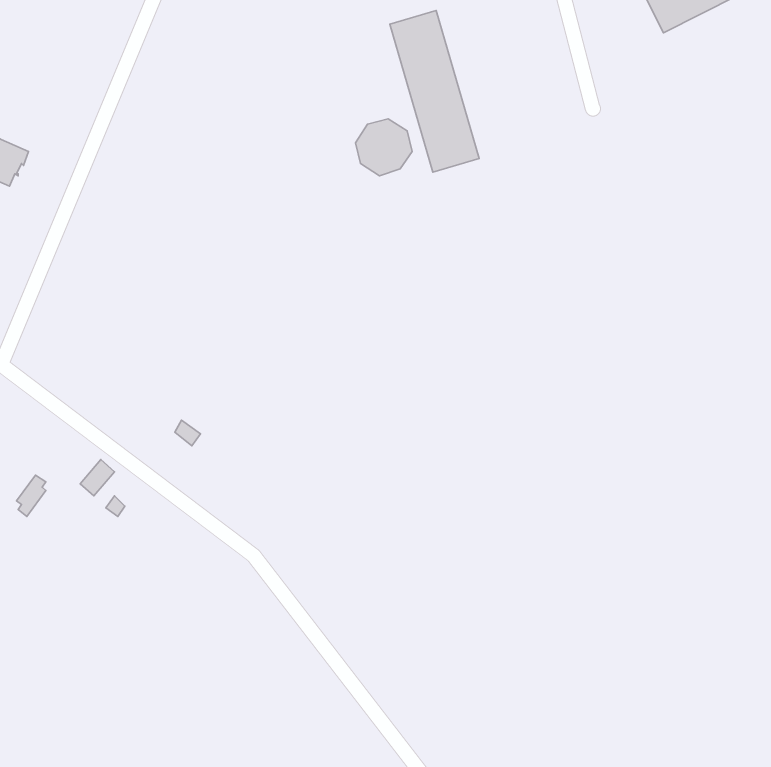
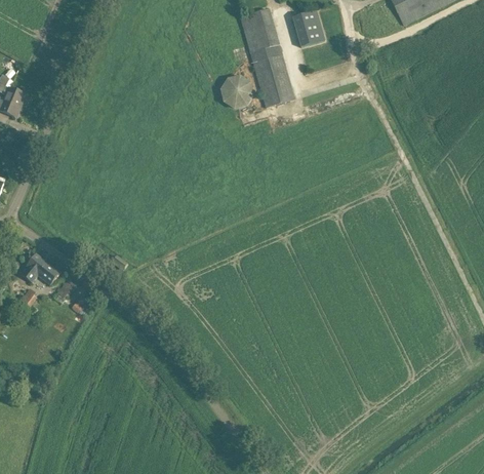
building: none -> [293,9,325,46]
building: none -> [22,252,60,284]

